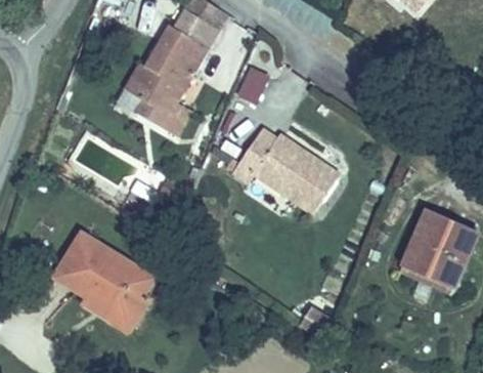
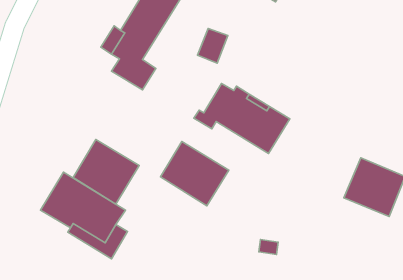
building: none -> [73,140,139,204]
building: none -> [161,142,229,206]

